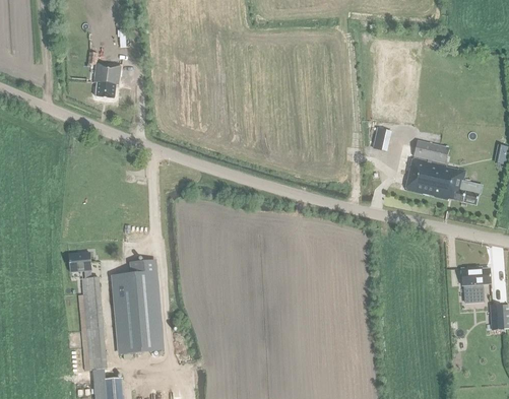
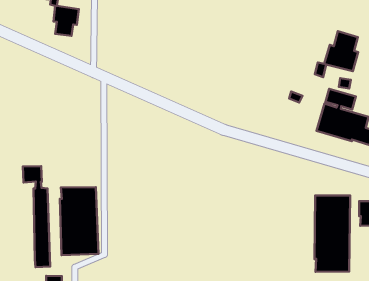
building: none -> [315,31,358,77]
building: none -> [315,195,350,272]

